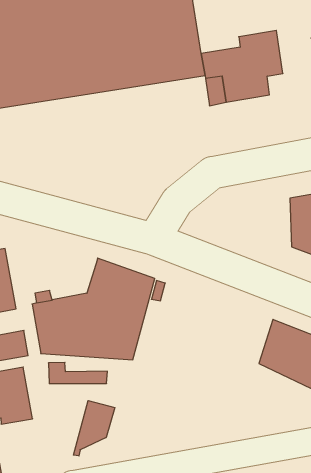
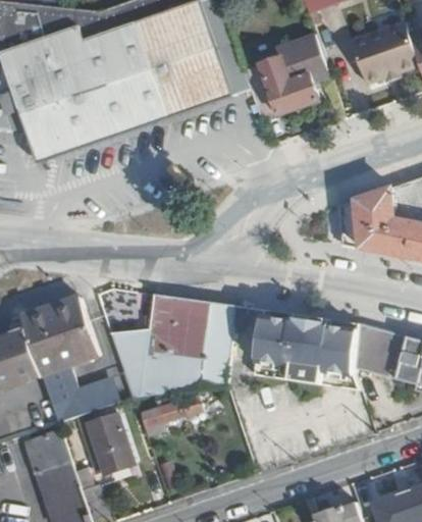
building: none -> [250,307,357,388]
building: [73,401,115,456] -> none

